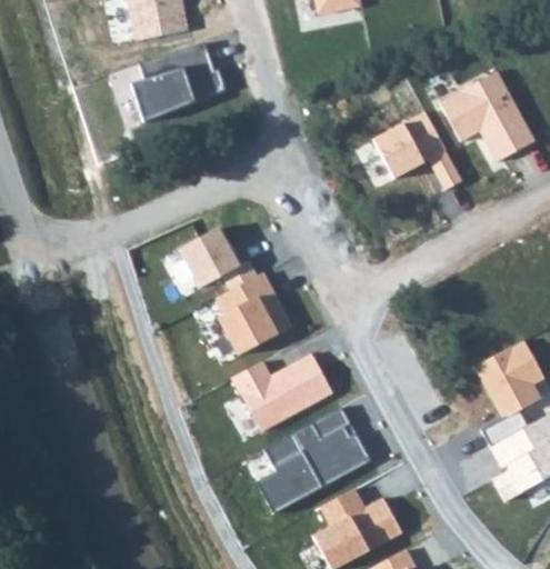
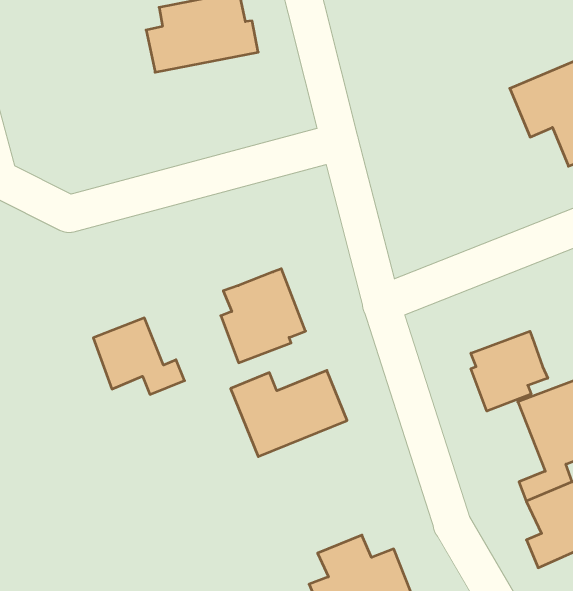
building: [372,109,462,189] -> none
building: [178,227,258,290] -> [93,318,185,394]
building: none -> [471,331,548,411]
building: [258,409,369,510] -> none

